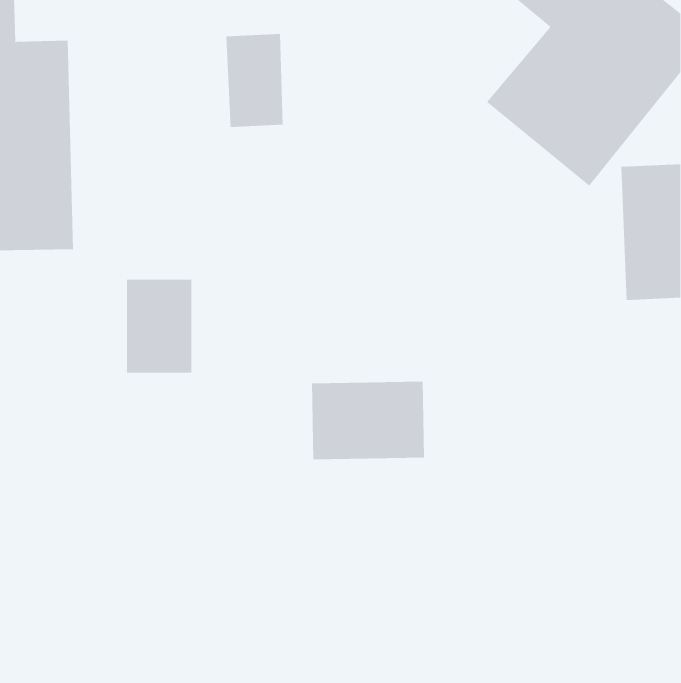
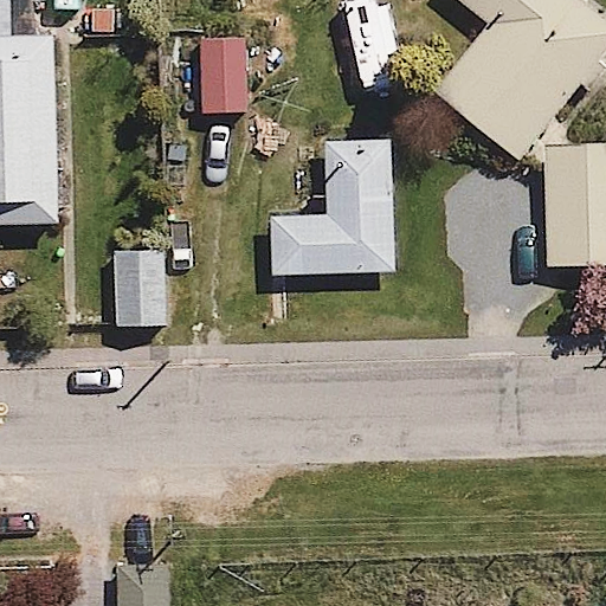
building: none -> [264,137,394,275]
building: [311,381,425,460] -> none

